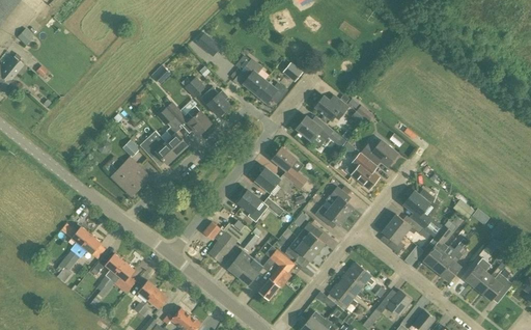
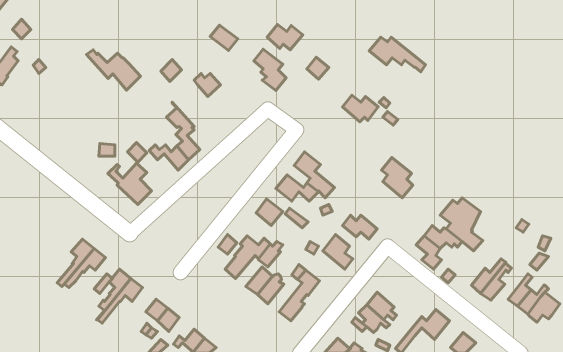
building: [255,81,287,104] -> [267,24,303,50]
building: [201,87,230,116] -> none
building: [162,99,211,135] -> [86,50,140,90]
building: [296,116,346,147] -> [369,37,426,72]
building: [360,140,398,167] -> none
building: [330,186,354,217] -> none
building: [422,225,453,268] -> none
building: [285,237,317,262] -> none
building: [346,263,385,295] -> none

